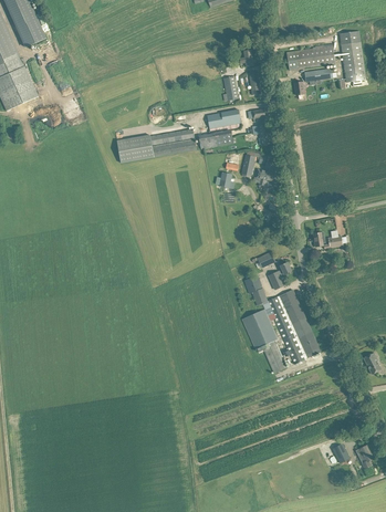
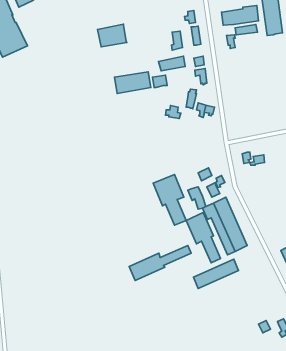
building: [116,134,154,163] -> [98,24,127,47]
building: none -> [153,174,186,225]
building: none -> [129,245,191,280]
building: none -> [194,259,238,289]

